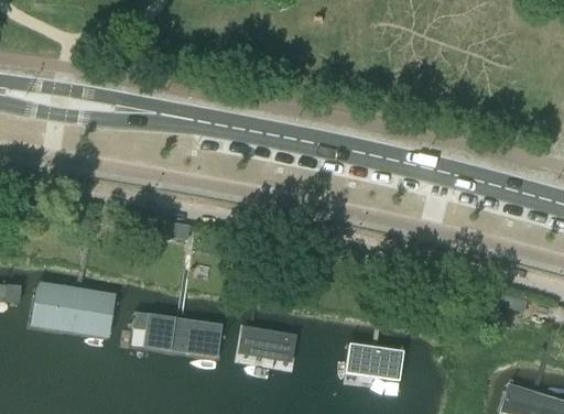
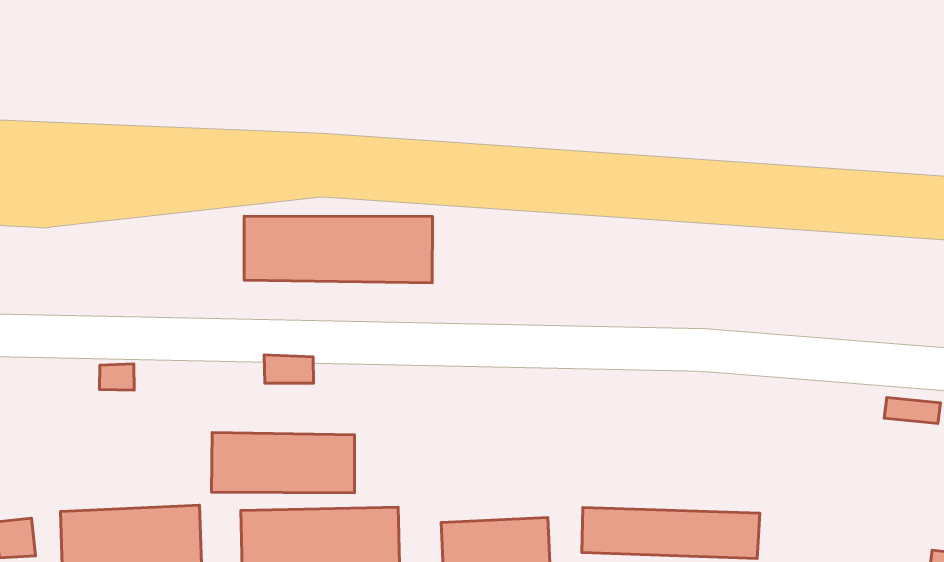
building: none -> [244,216,432,283]
building: none -> [212,433,355,493]

